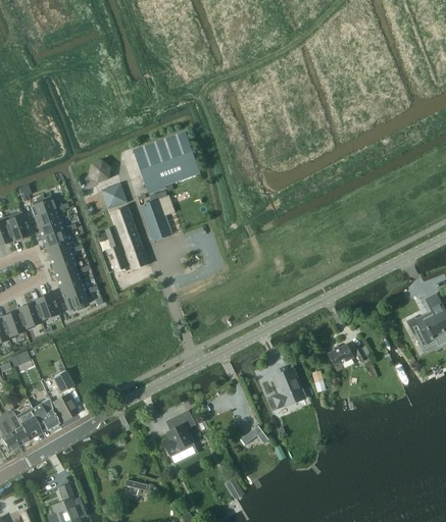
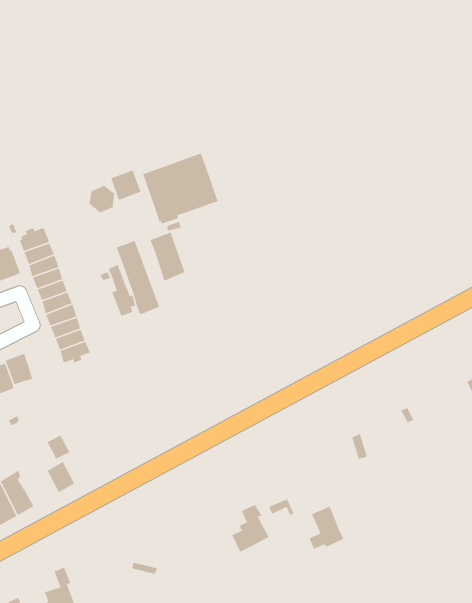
building: [101,184,128,210] -> [110,169,141,201]
building: [34,293,60,320] -> none
building: [329,345,354,372] -> none
building: [274,369,304,407] -> [309,506,345,550]
building: [31,400,59,429] -> none
building: [162,414,195,456] -> [231,504,270,553]

